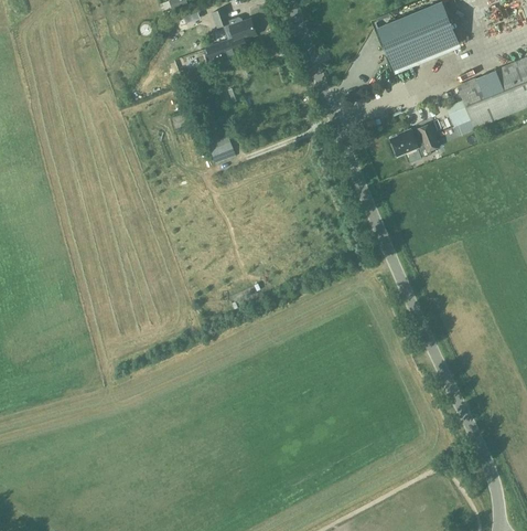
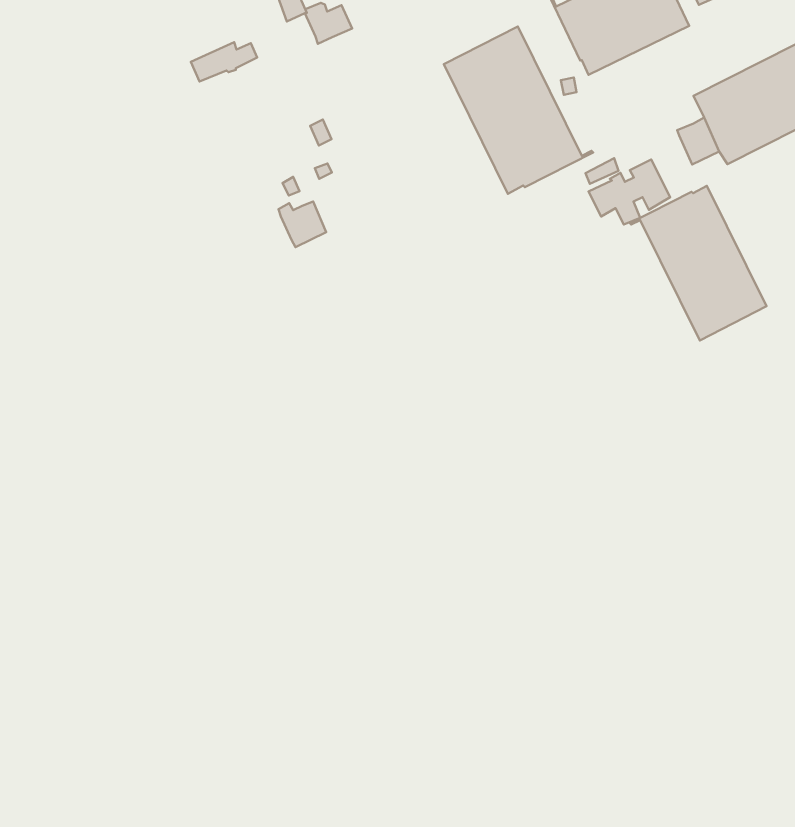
building: [207,36,247,59] -> [191,42,257,82]
building: none -> [444,26,593,194]
building: none -> [630,186,767,340]

